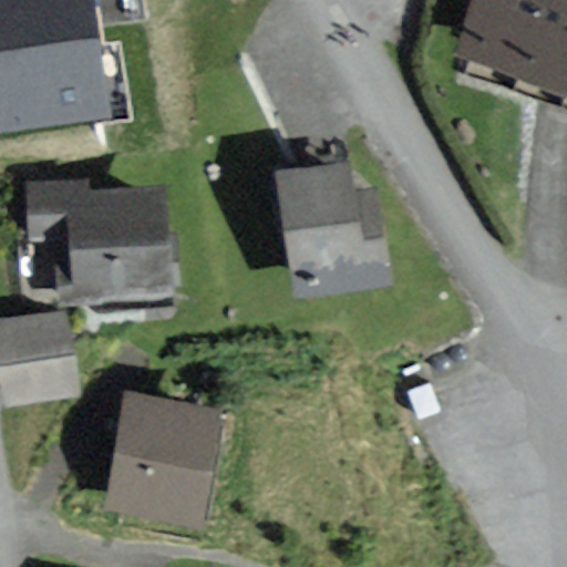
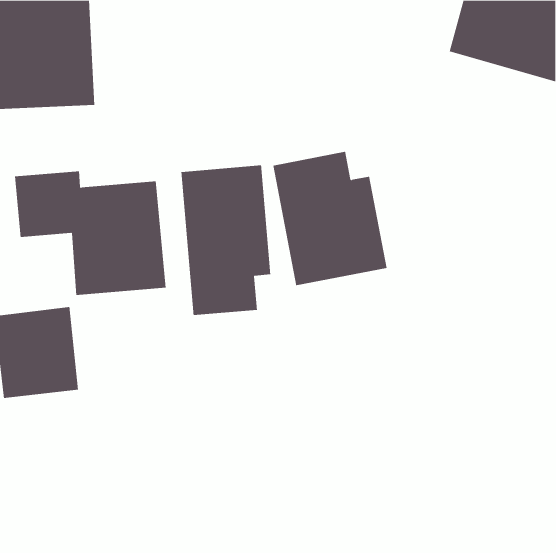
building: none -> [181,165,271,316]
building: [105,391,221,523] -> none

